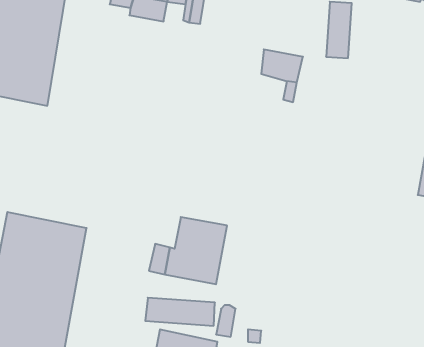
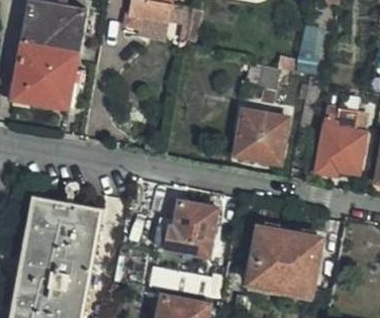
building: none -> [314,106,364,174]
building: none -> [233,110,287,165]
building: none -> [247,226,321,295]

